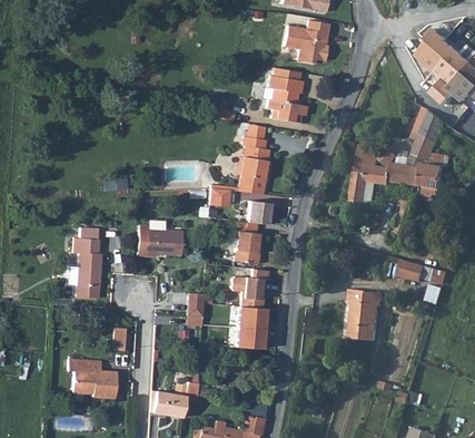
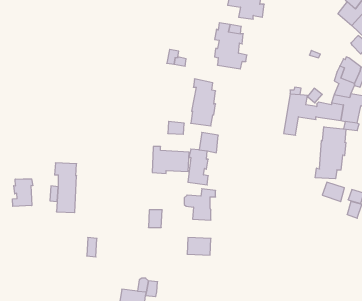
building: none -> [315,127,346,179]
building: [138,224,182,256] -> [152,147,189,173]
building: none -> [13,179,33,206]
building: [349,291,384,342] -> none
building: [236,306,265,329] -> none
building: [69,361,116,398] -> none

